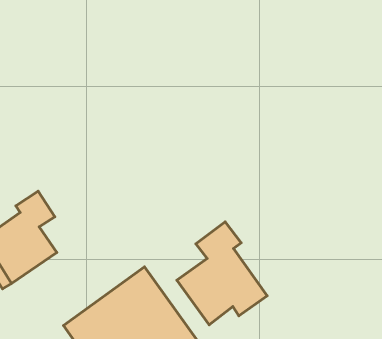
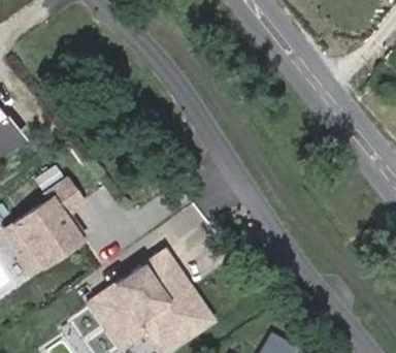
building: [177,222,267,325] -> none

